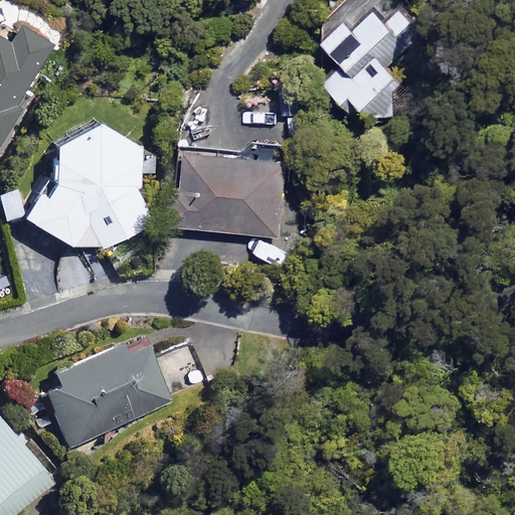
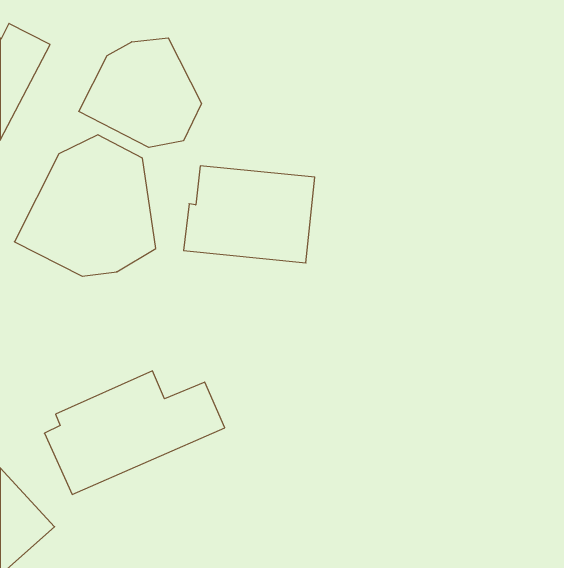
building: [324,14,397,131] -> none
building: none -> [79,38,202,147]

